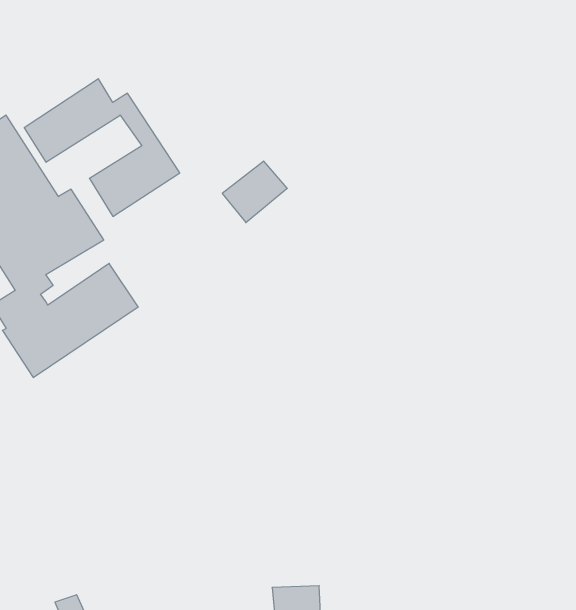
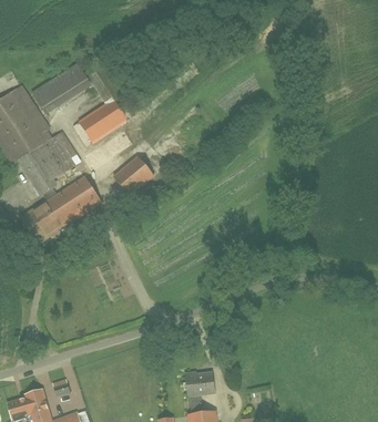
building: [222,161,287,223] -> [113,155,153,193]

